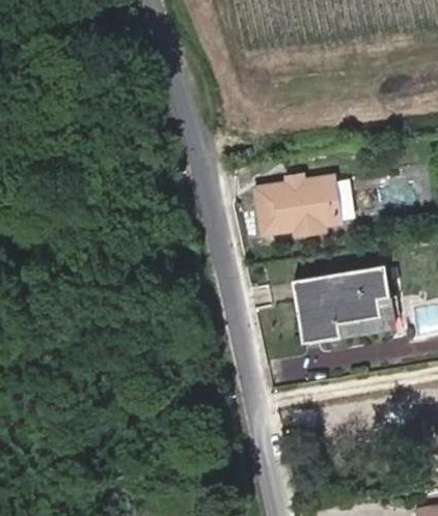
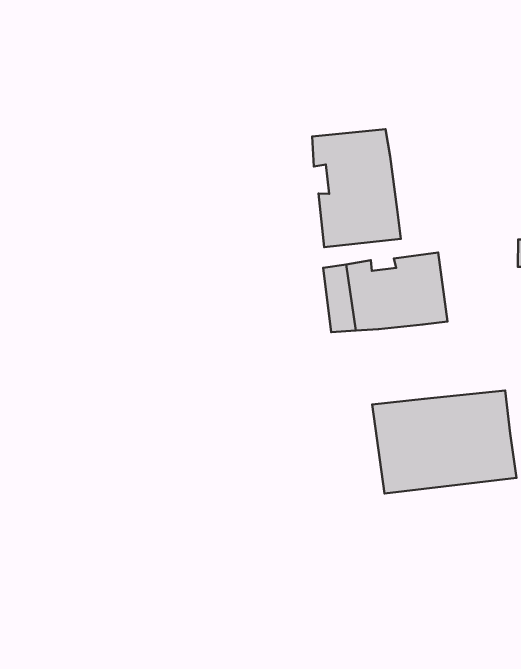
building: none -> [312,129,401,247]

